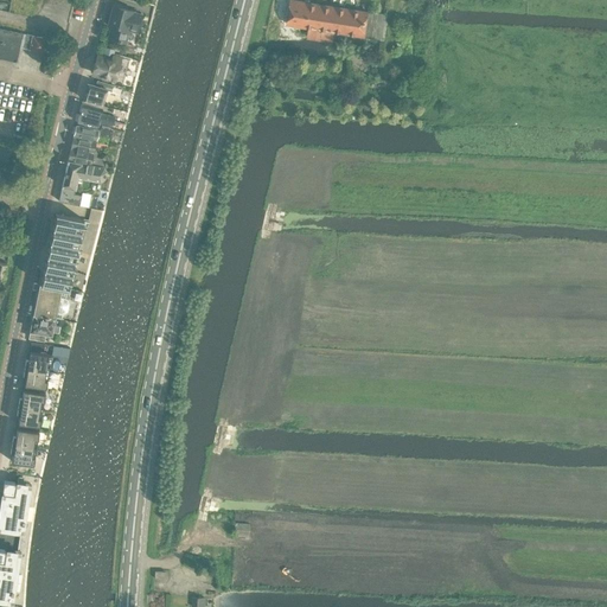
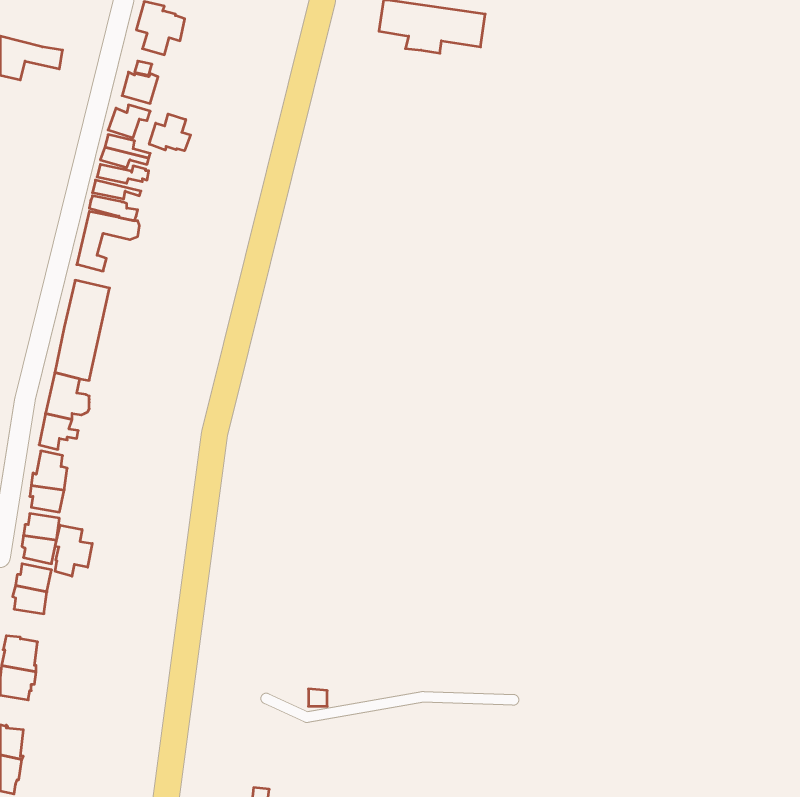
building: none -> [149,114,191,151]
building: none -> [55,525,92,576]

